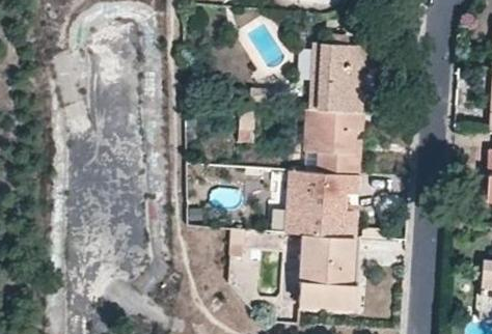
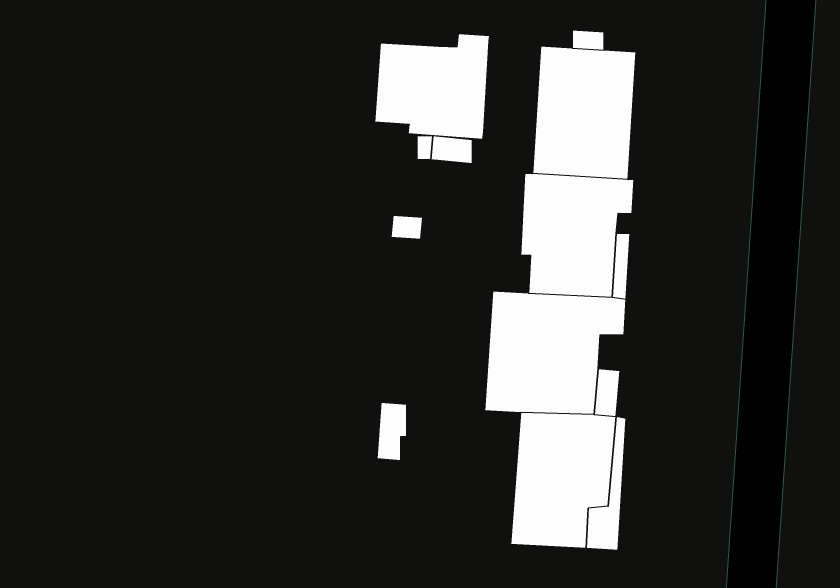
building: none -> [375,34,490,139]

